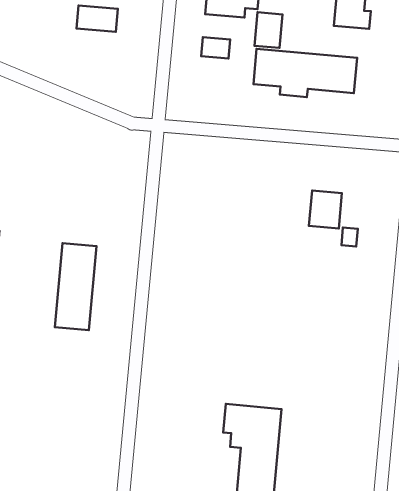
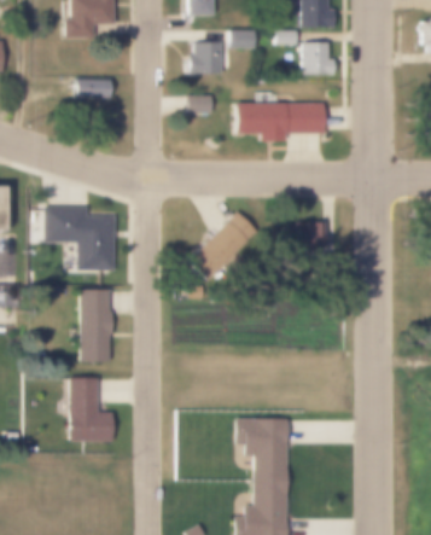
building: [255,12,282,48] -> none
building: none -> [46,205,116,269]
building: none -> [190,211,261,283]
building: none -> [70,377,115,440]

